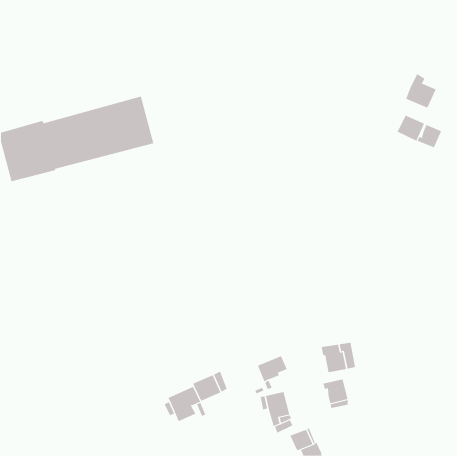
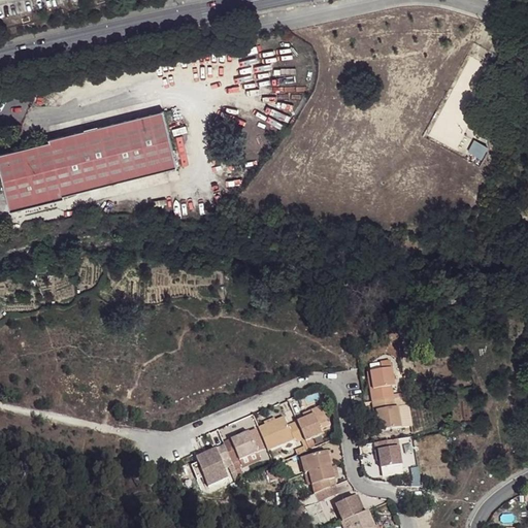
building: [406,73,436,109] -> none
building: [417,124,442,148] -> none
building: none -> [365,359,393,399]
building: none -> [258,416,303,449]

